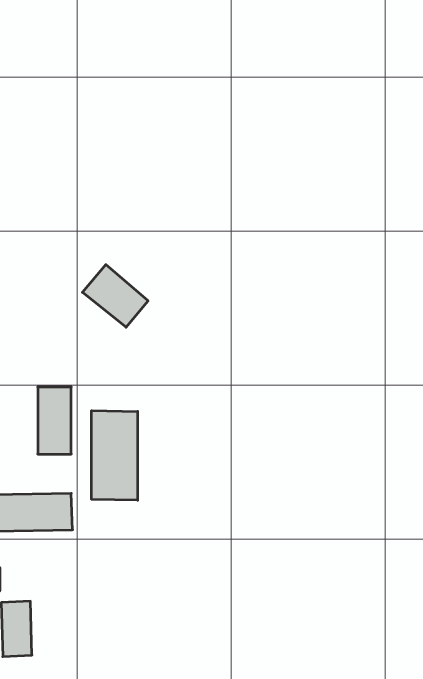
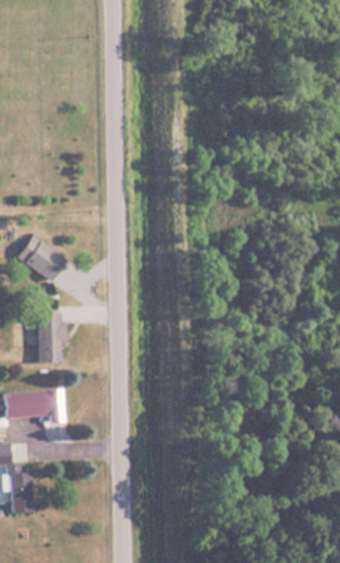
building: [82,265,148,327] -> [17,234,66,282]
building: [92,411,138,500] -> none

